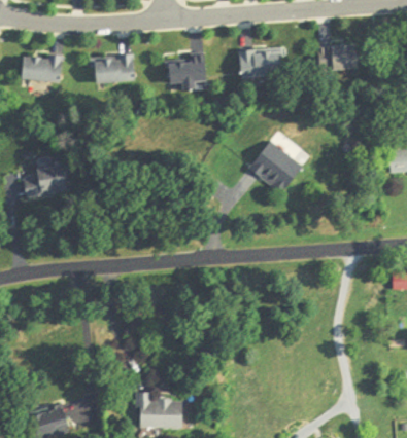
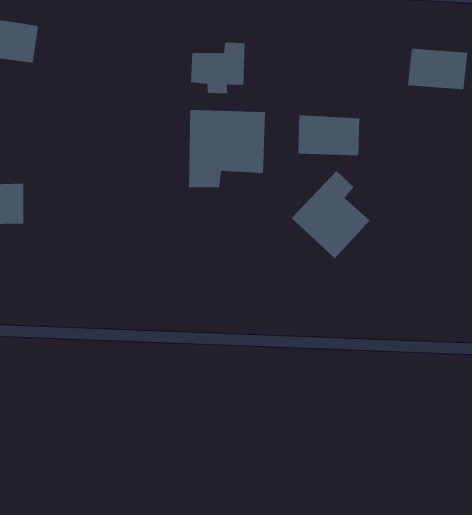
building: [238,47,282,76] -> [298,115,360,156]
building: [94,54,134,83] -> none
building: none -> [188,109,265,188]

